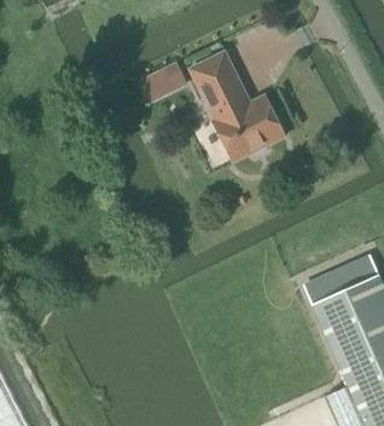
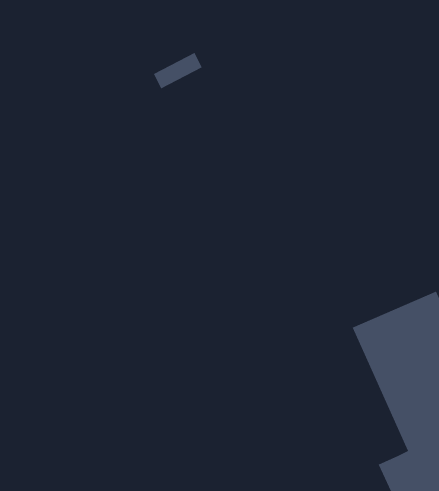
building: [190,51,284,160] -> none

